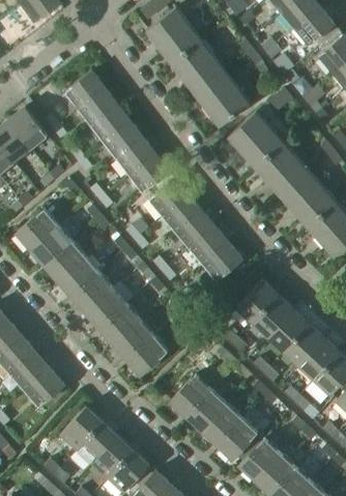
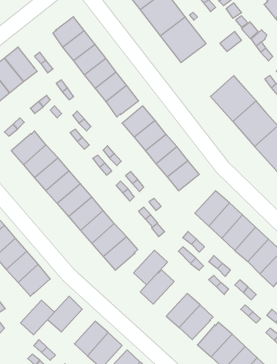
building: [228,111,283,166] -> none
building: [186,388,227,430] -> [134,250,167,285]
building: [77,421,117,463] -> [21,300,54,335]

